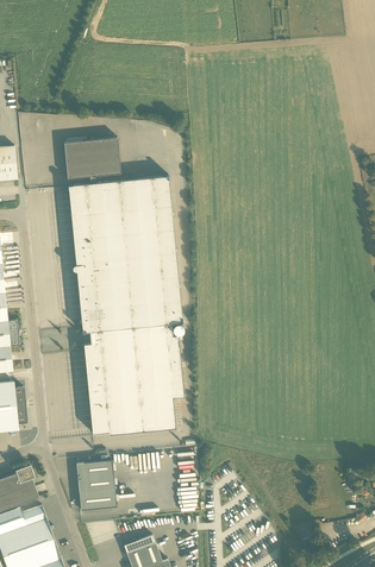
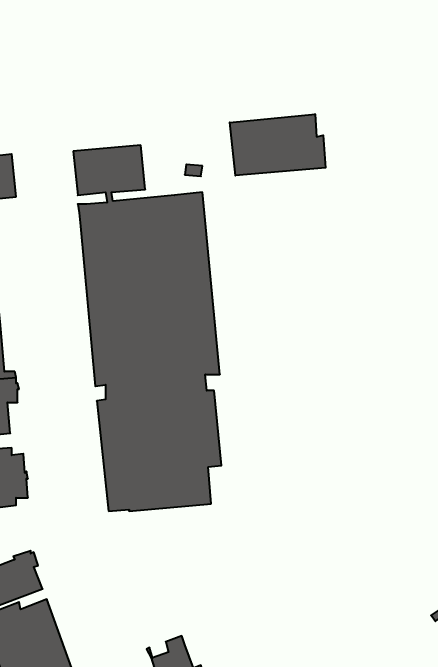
building: none -> [230,114,326,176]
building: [75,459,115,509] -> none

